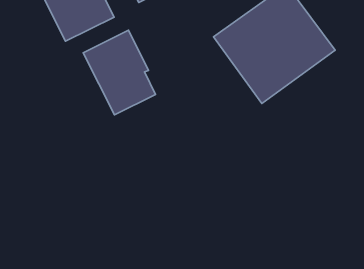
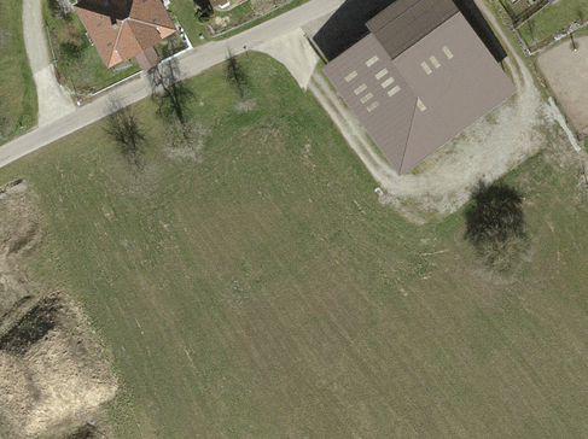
building: [83,30,155,115] -> none

